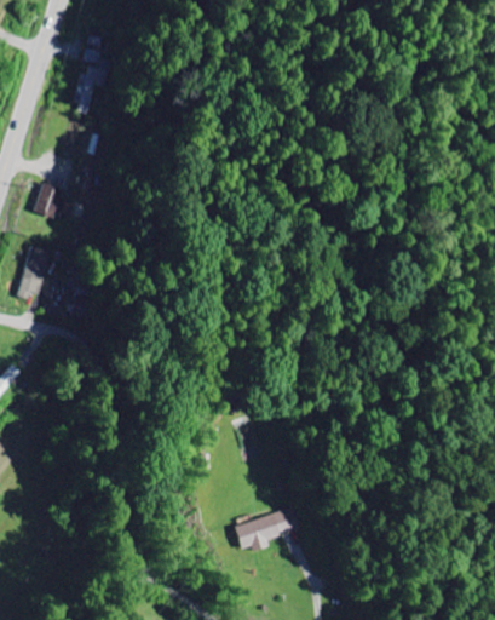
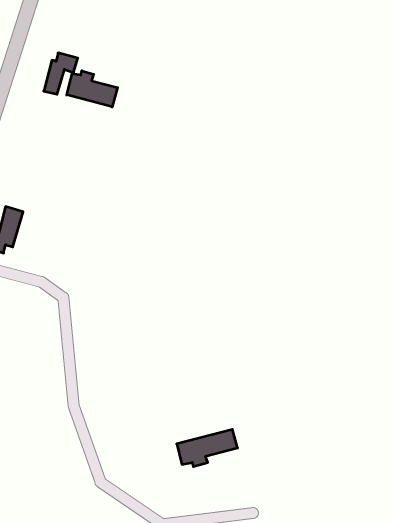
building: none -> [67,71,118,107]
building: [34,184,67,219] -> none

